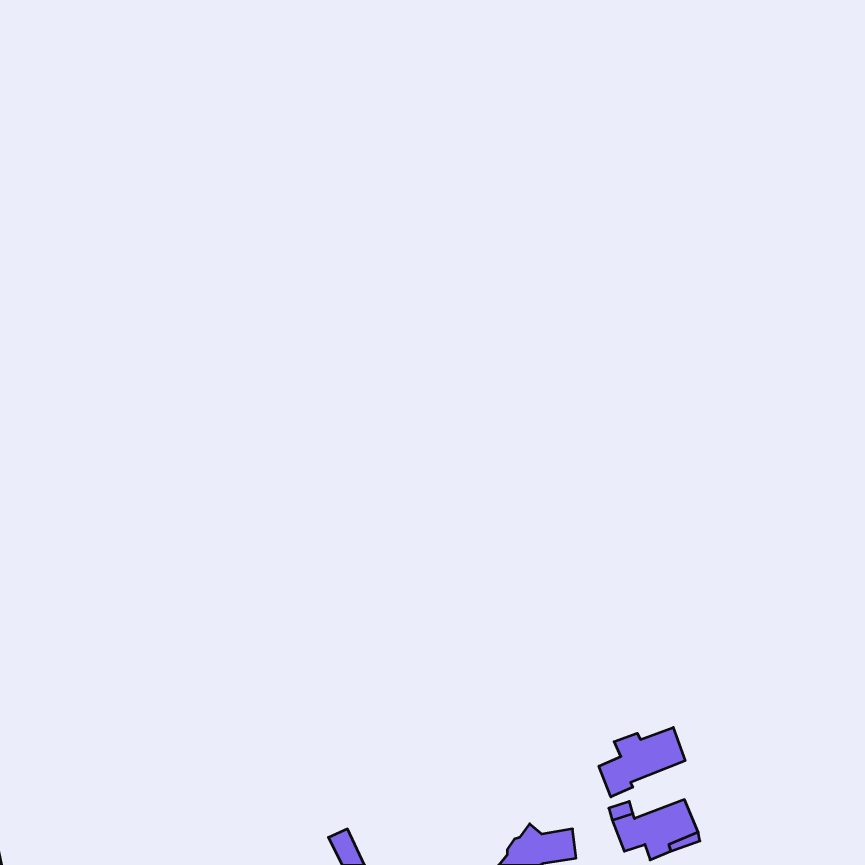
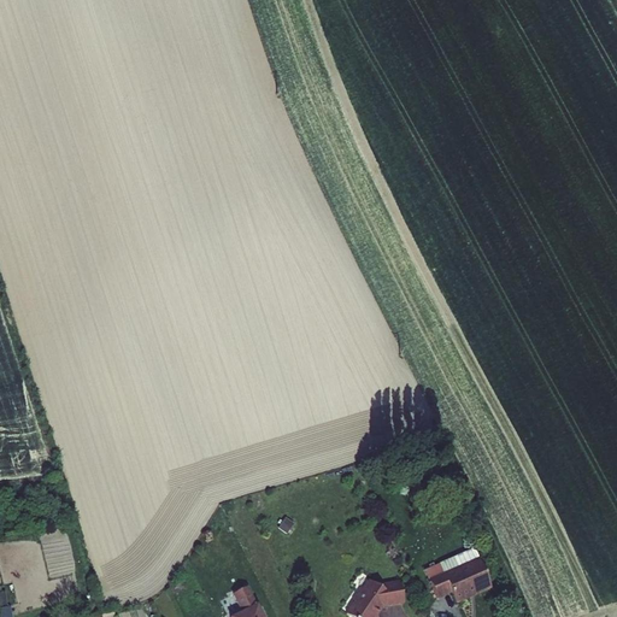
building: [599,727,685,797] -> none

